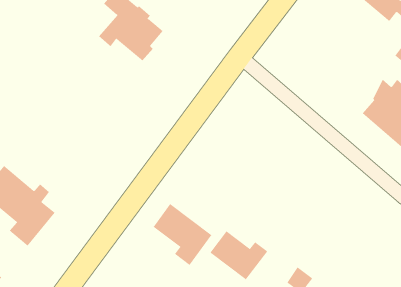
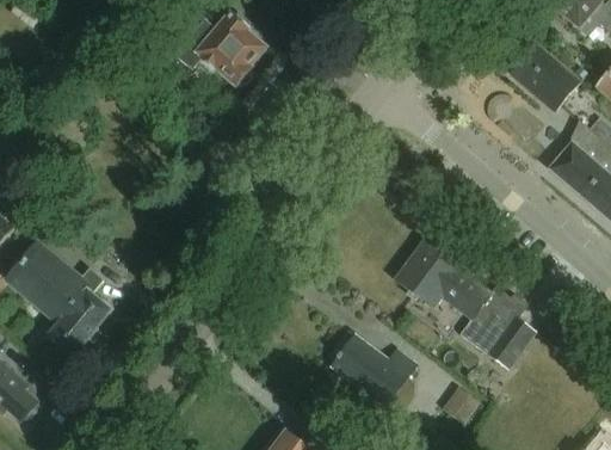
building: none -> [508,43,585,116]
building: none -> [397,240,538,368]
building: [153,203,212,266] -> none

